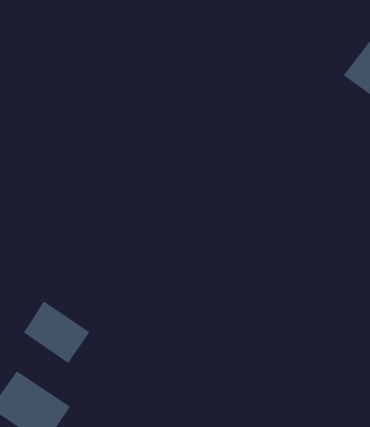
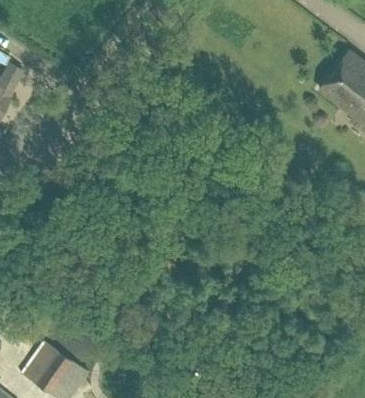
building: [23,300,90,364] -> none

